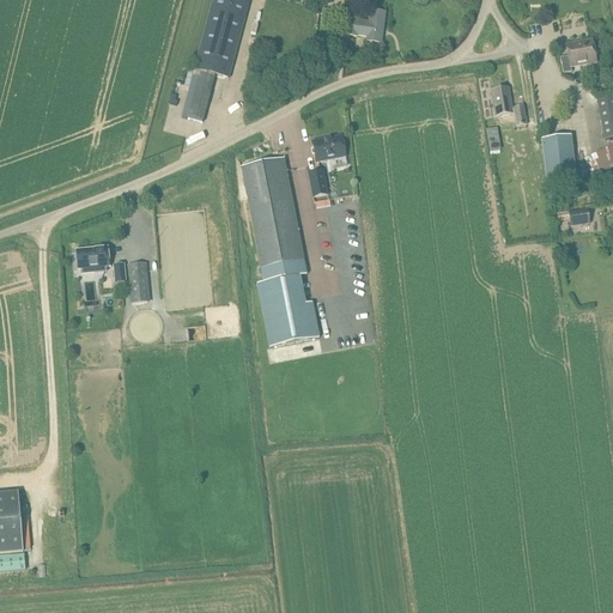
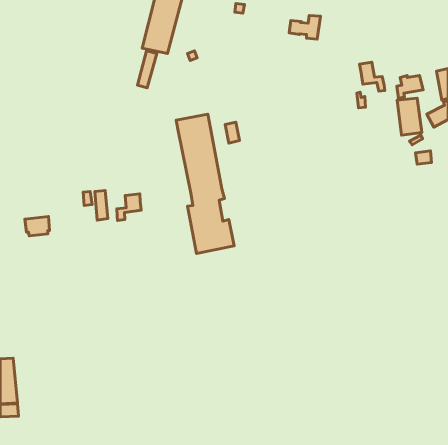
building: [342,7,386,40] -> [289,15,321,39]
building: [560,40,596,71] -> [397,76,423,98]
building: [311,133,345,159] -> none
building: [75,244,109,271] -> [25,216,49,236]
building: none -> [117,194,141,220]

